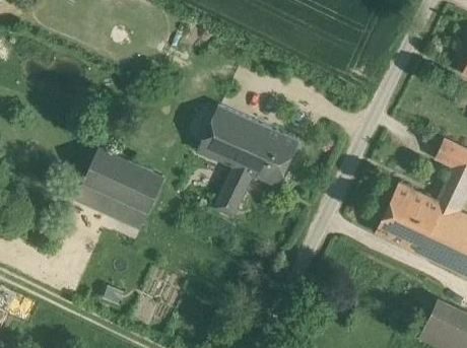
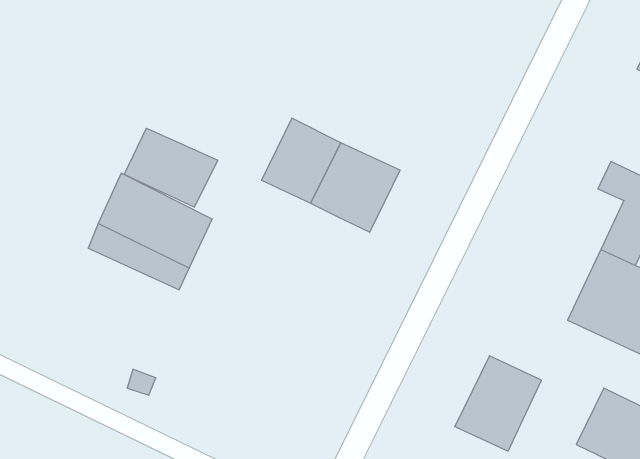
building: none -> [124,128,218,207]
building: [212,167,251,218] -> none
building: [376,183,437,250] -> [455,356,541,451]

